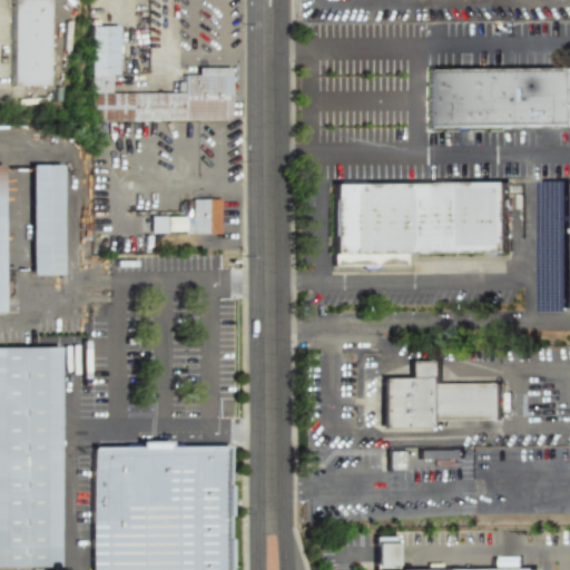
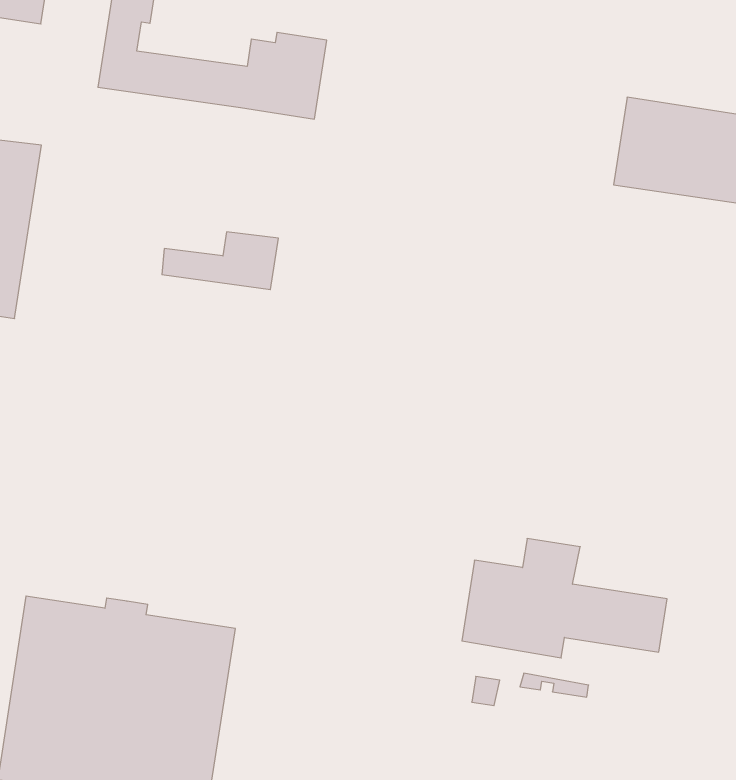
building: [335,181,508,262] -> none

